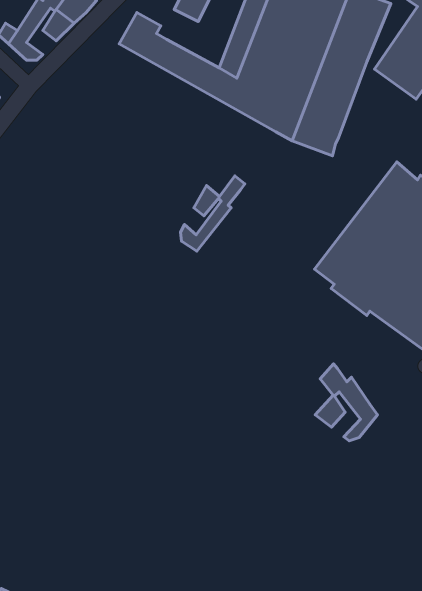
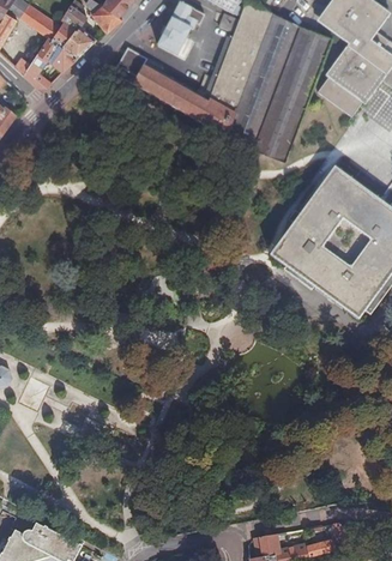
building: [180,176,245,251] -> none
building: [315,364,378,441] -> none

